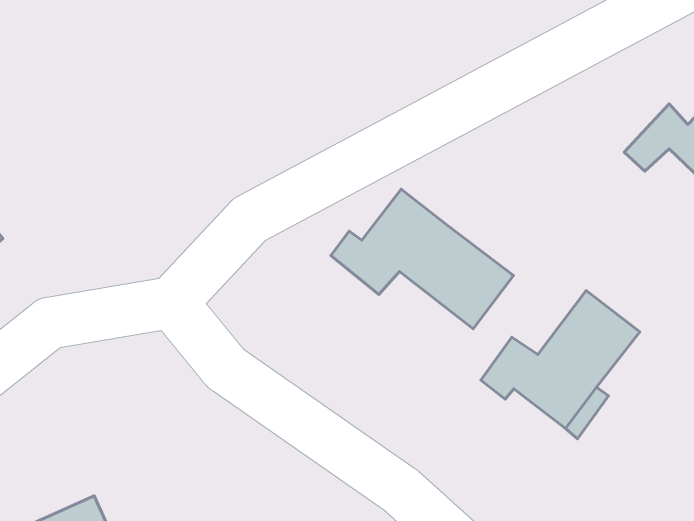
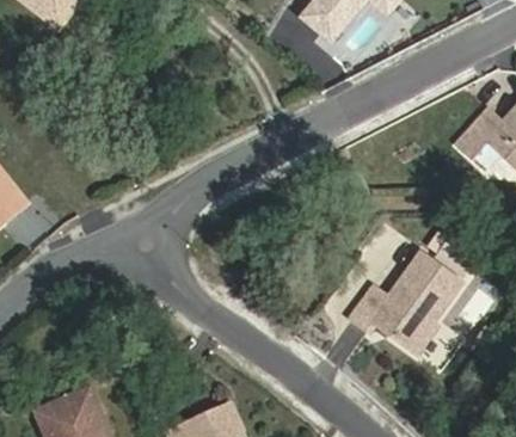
building: [331,189,514,329] -> none

